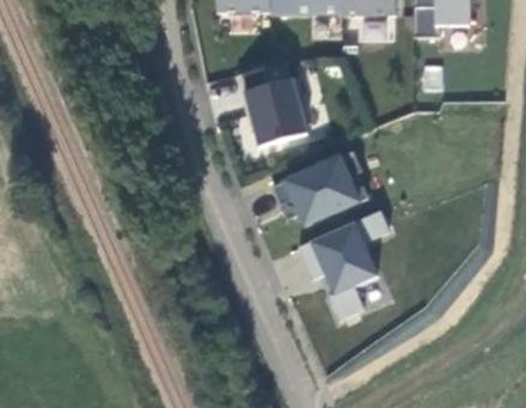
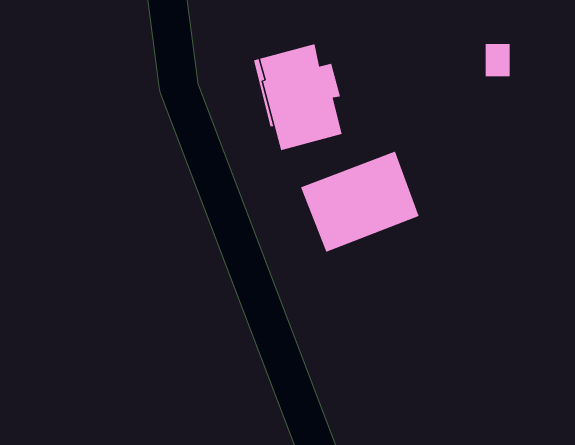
building: [304,209,391,322] -> none

